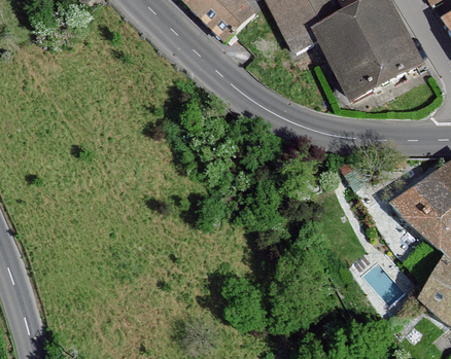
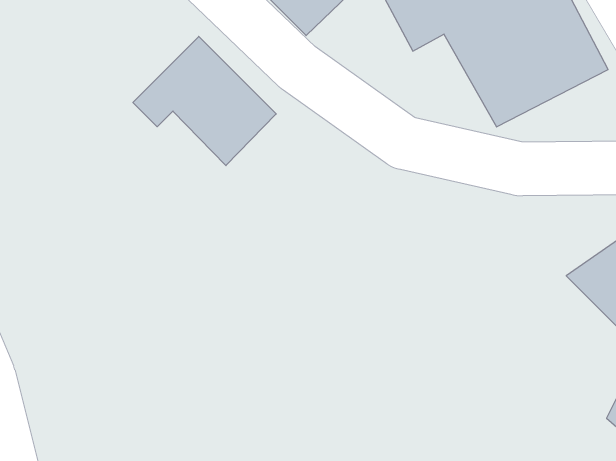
building: none -> [133,36,276,166]

